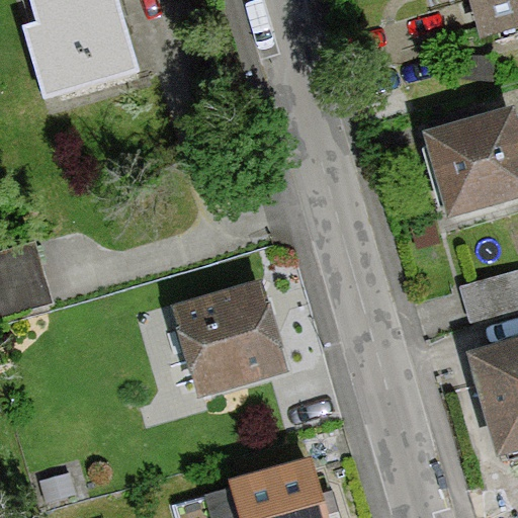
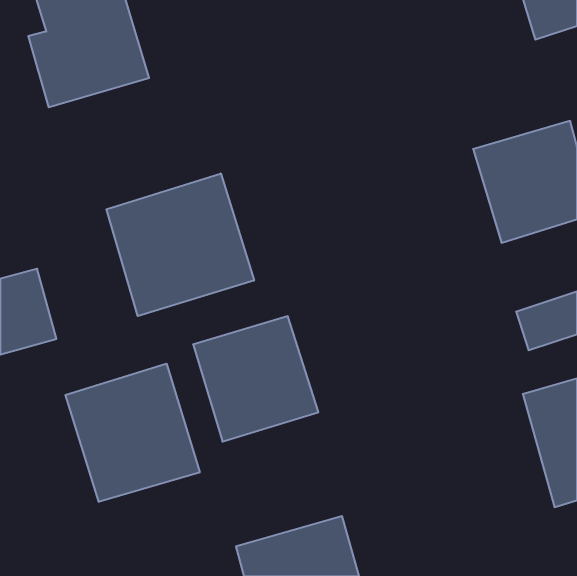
building: none -> [106,173,254,316]
building: none -> [65,364,200,502]

